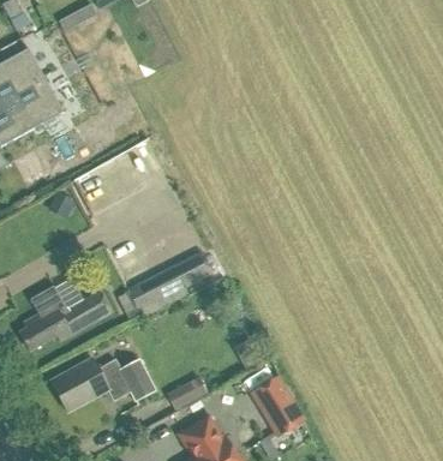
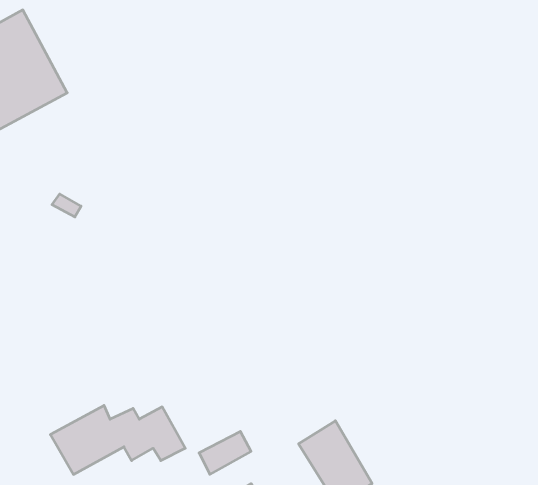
building: [127,250,212,315] -> none
building: [19,287,112,351] -> none

